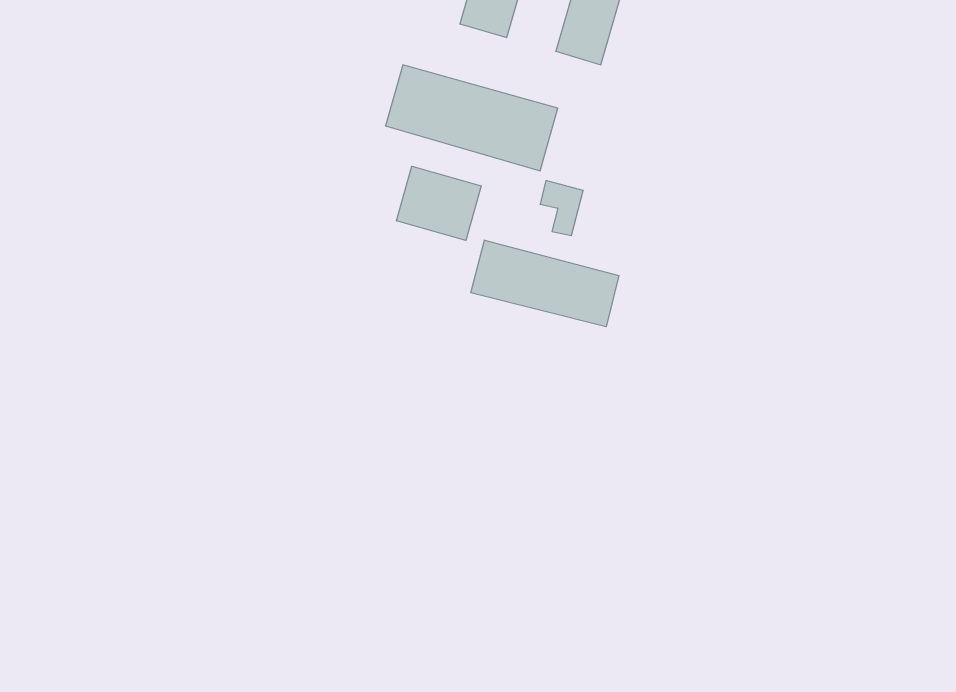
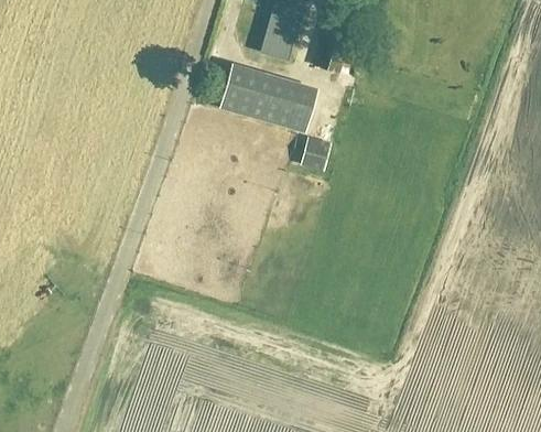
building: [396,166,481,240] -> none
building: [471,240,619,327] -> none

